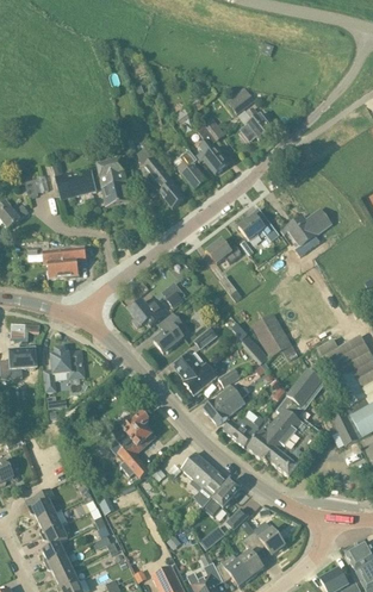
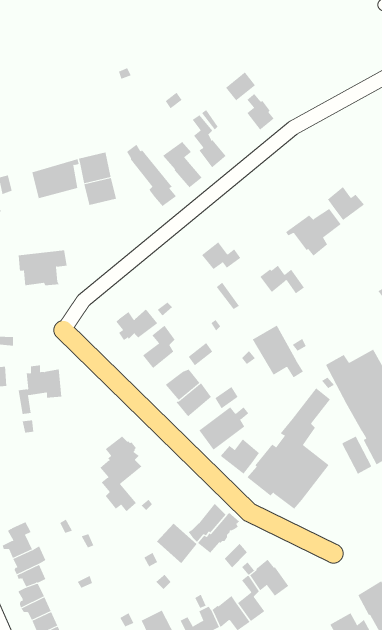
building: none -> [327,186,365,221]
building: [238,214,279,241] -> [259,265,305,294]
building: [181,451,218,488] -> [156,523,197,564]

